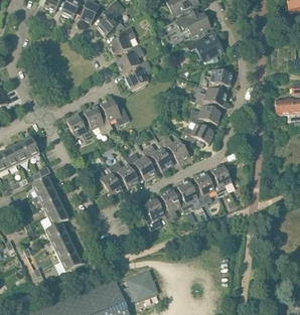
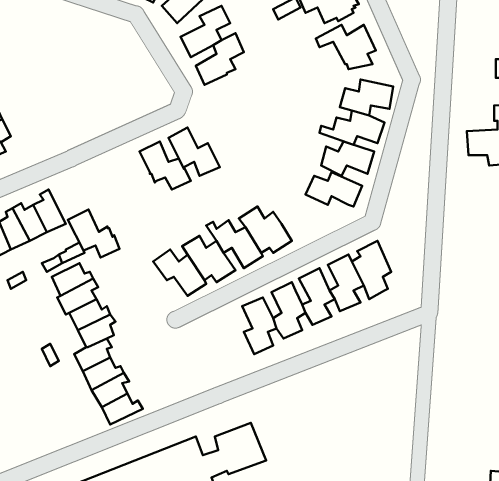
building: [124,58,152,89] -> none
building: [65,113,96,141] -> [68,209,119,257]
building: [158,135,189,162] -> none

